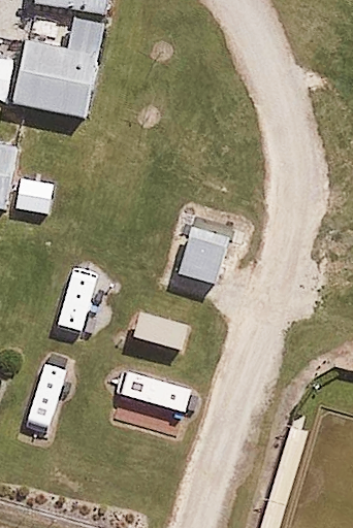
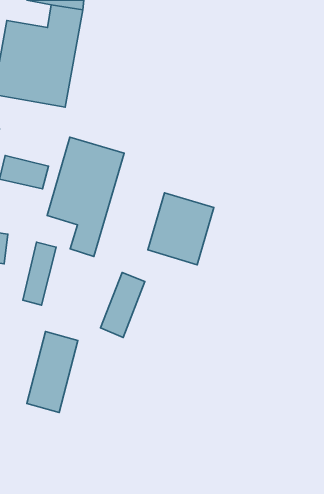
building: none -> [47,137,124,257]

